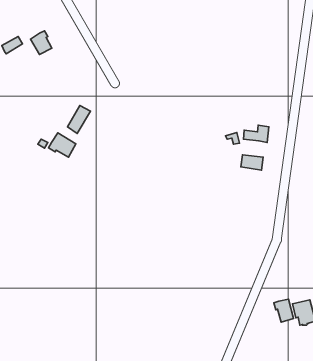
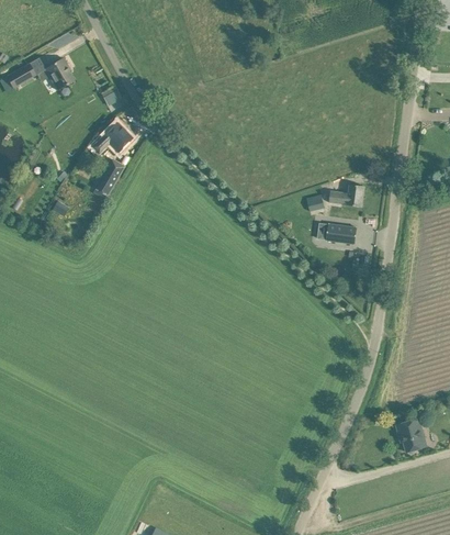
building: none -> [91,121,133,154]
building: [49,133,76,157] -> none
building: [274,299,293,322] -> none

